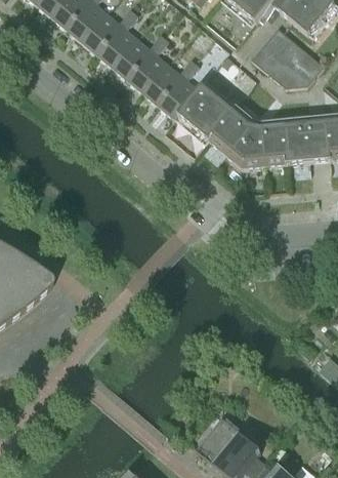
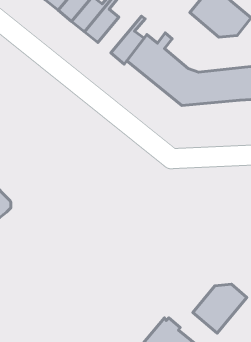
building: [143,58,195,106] -> none
building: none -> [193,284,247,333]

